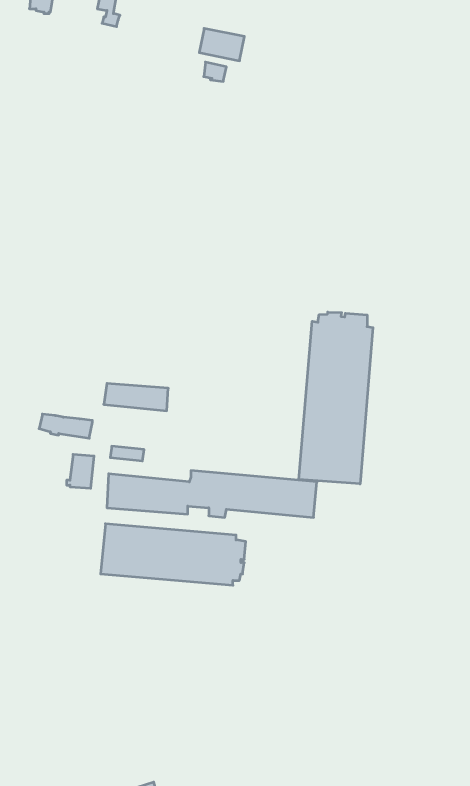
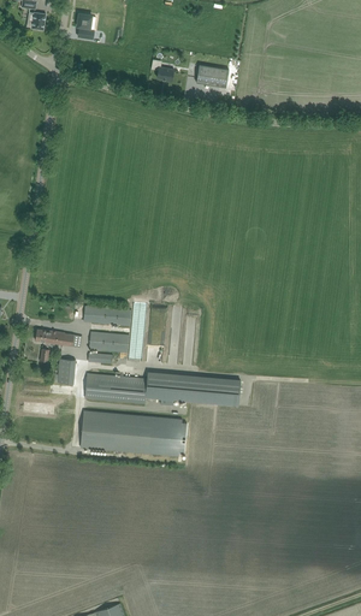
building: [199,28,244,61] -> [195,64,229,88]
building: [299,312,373,484] -> none
building: none -> [88,331,128,353]

